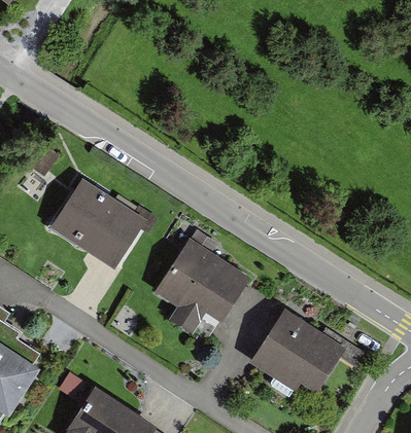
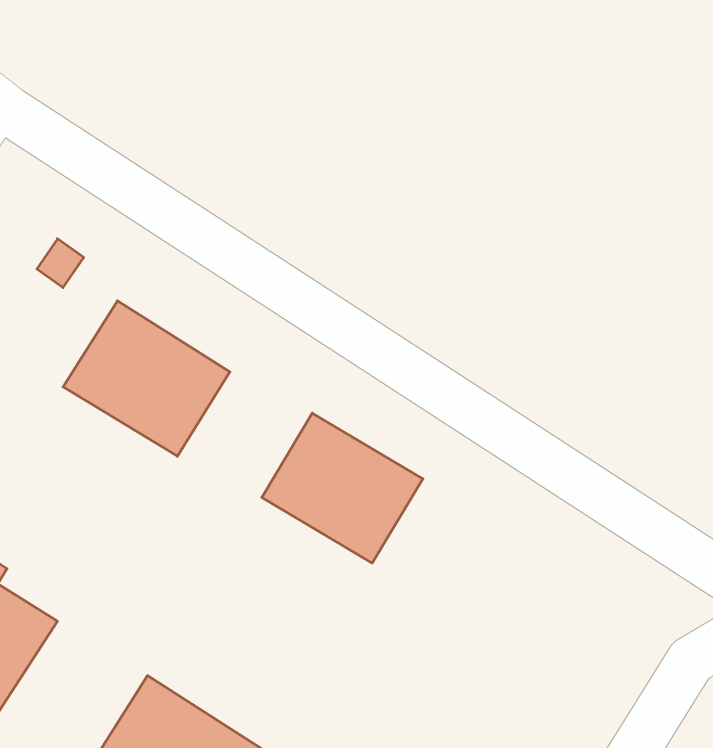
building: [253,310,347,392] -> none

